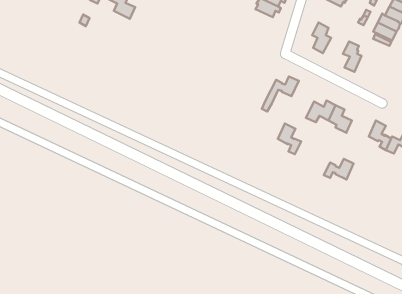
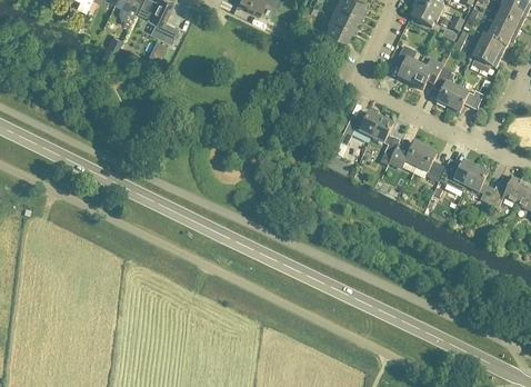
building: none -> [409,59,443,90]
building: none -> [448,87,482,112]
building: [278,124,301,154] -> [370,118,399,156]
building: [324,159,354,180] -> [438,161,474,187]

